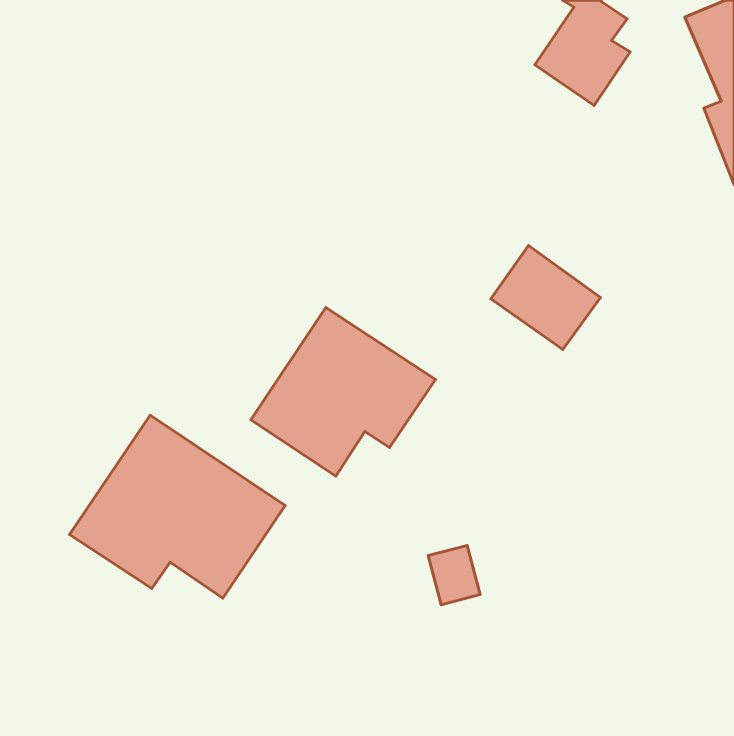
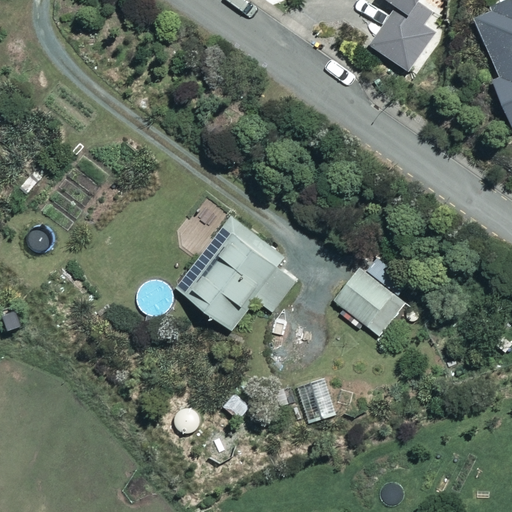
building: [491,245,600,349] -> [334,265,410,337]
building: [69,415,285,598] -> none

